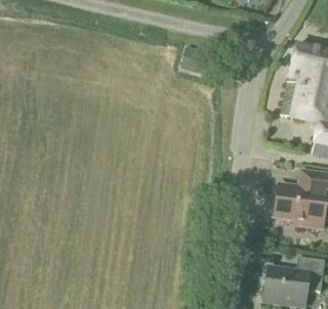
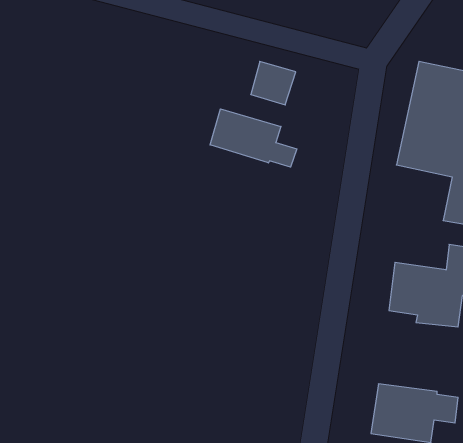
building: none -> [210,109,297,167]

